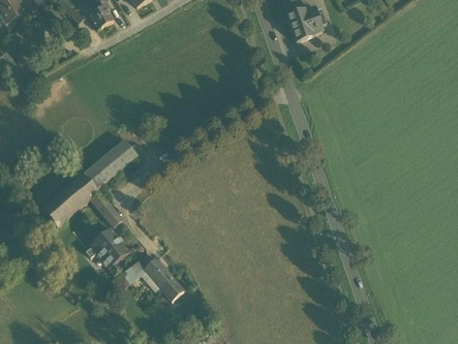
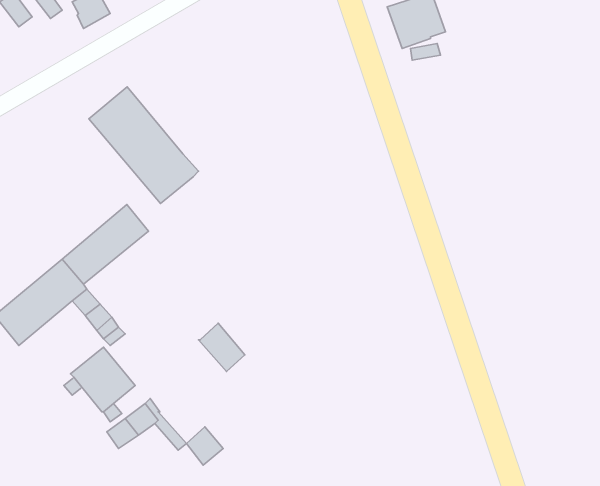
building: none -> [89,87,199,203]
building: [144,257,173,287] -> [198,323,245,371]

